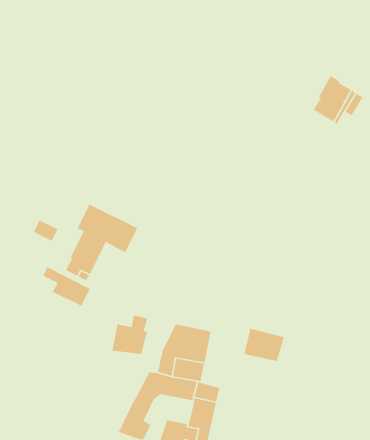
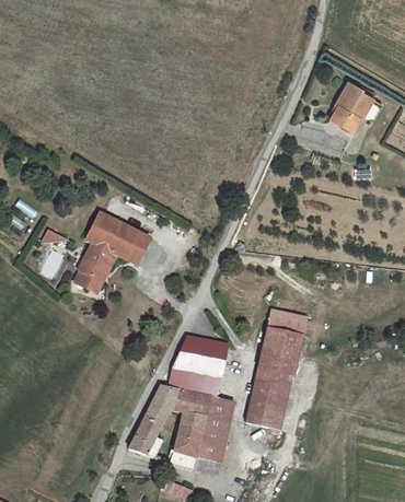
building: [42,266,91,308] -> none
building: none -> [264,308,306,349]
building: [111,314,148,356] -> none
building: none -> [245,367,292,429]
building: none -> [178,411,206,439]

